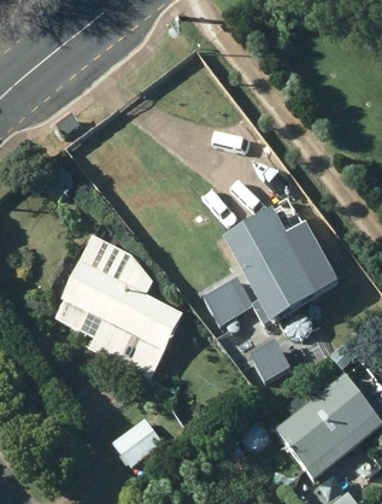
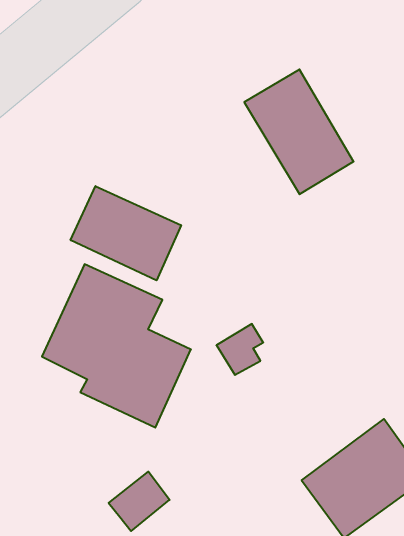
building: none -> [71,186,181,280]
building: [225,211,318,317] -> [244,69,354,194]

